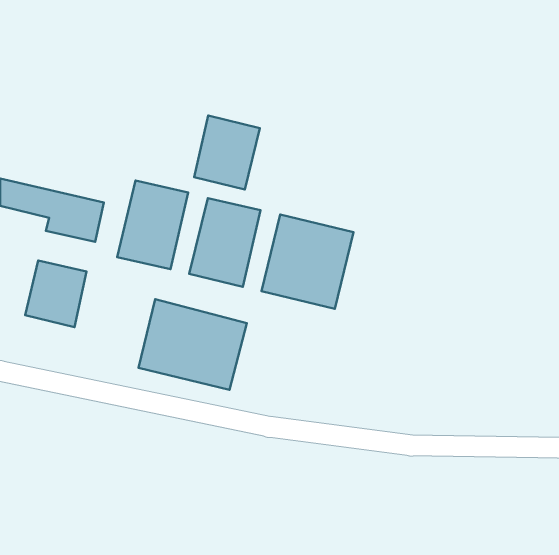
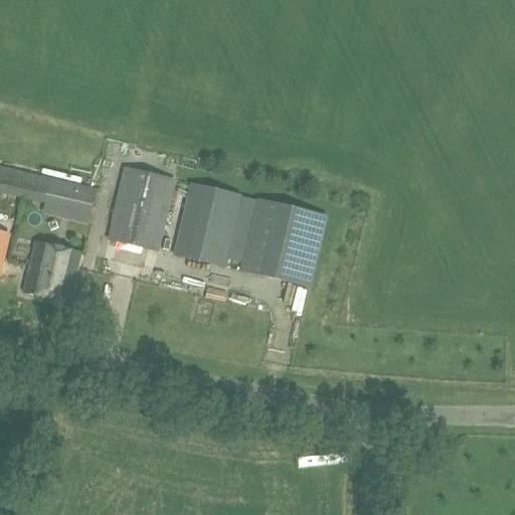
building: [194,115,260,189] -> none
building: [138,299,247,390] -> none

